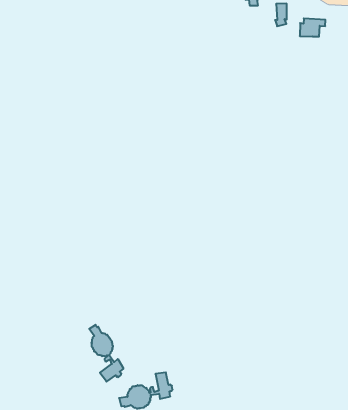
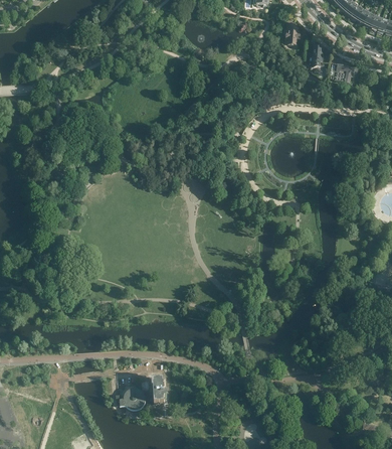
building: [89,325,123,382] -> none

